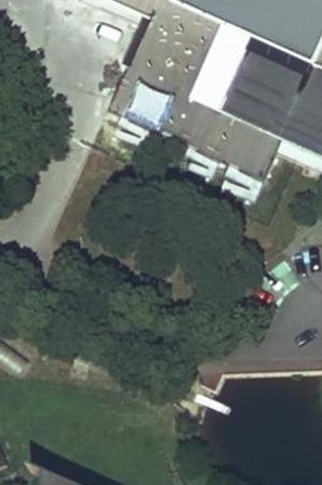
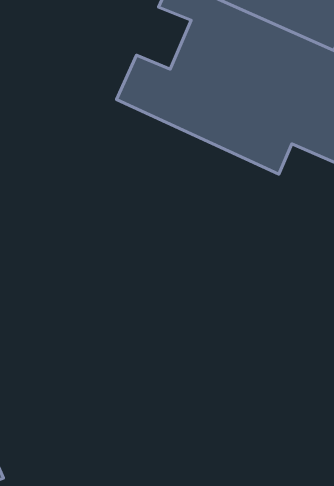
building: [131,23,182,80] -> none

